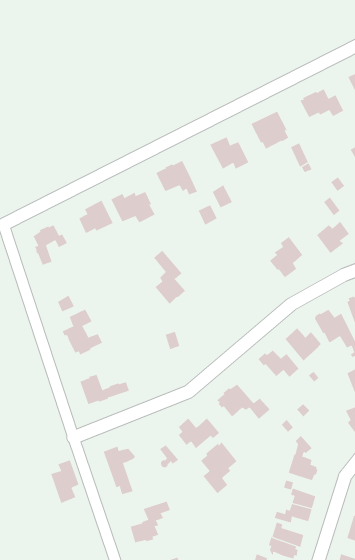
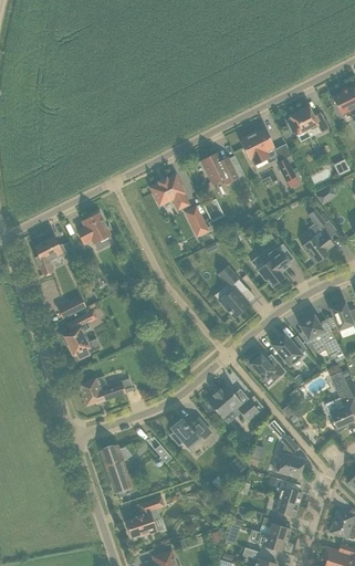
building: [110,191,155,223] -> none
building: [153,250,186,305] -> [219,265,250,317]
building: [200,442,238,494] -> none
building: [51,459,79,506] -> none

